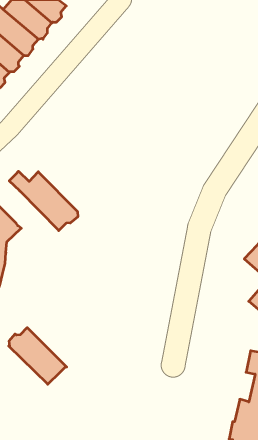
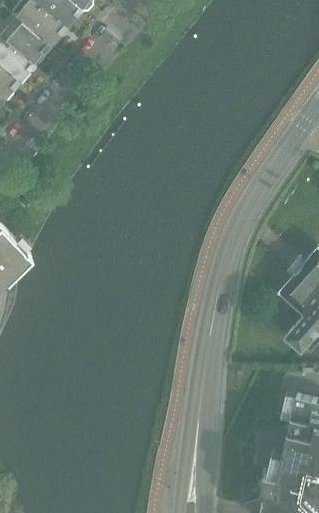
building: [9,171,78,231] -> none
building: [9,328,67,384] -> none

